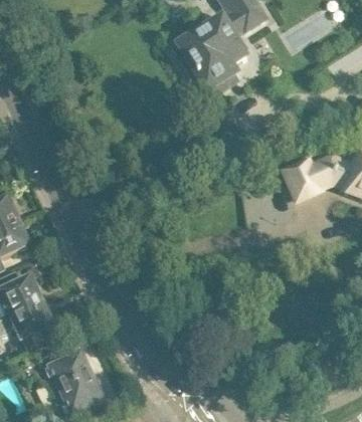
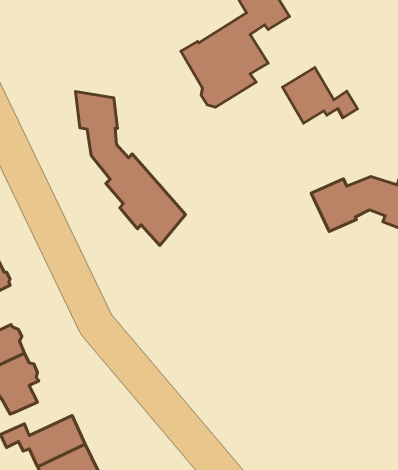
building: none -> [282,67,358,123]
building: none -> [76,92,185,245]

